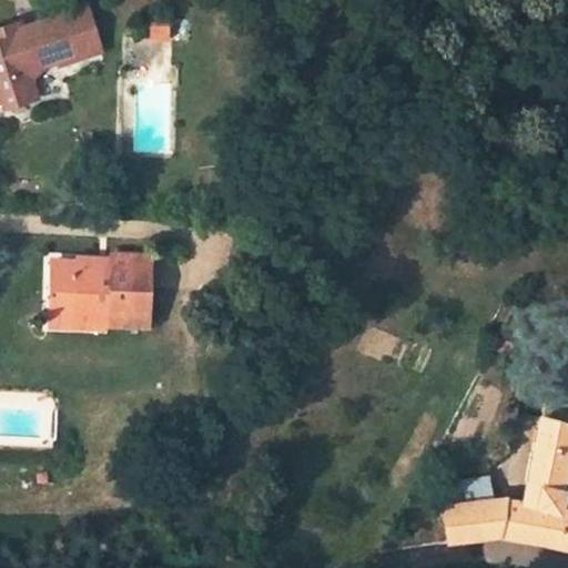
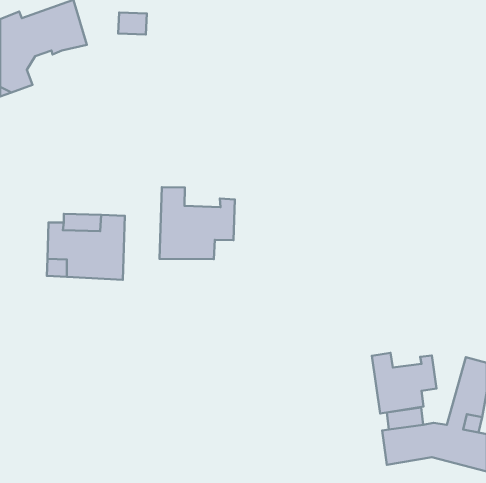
building: none -> [160,187,235,259]
building: none -> [372,353,436,413]

